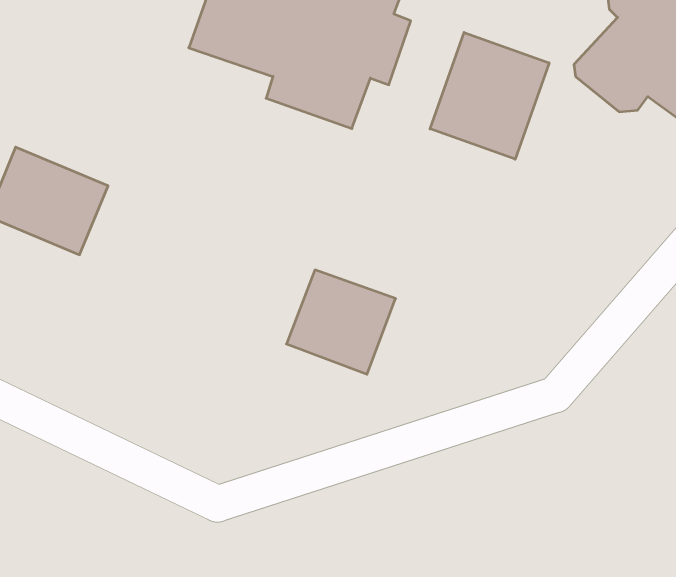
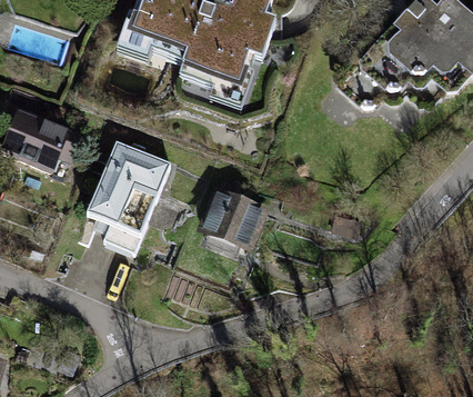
building: [430,32,549,159] -> none
building: none -> [84,140,171,240]

